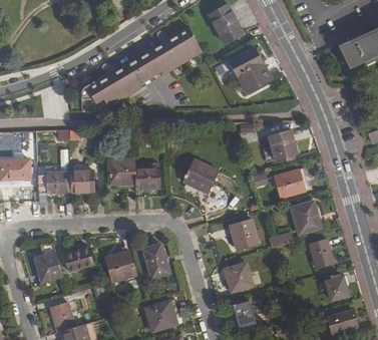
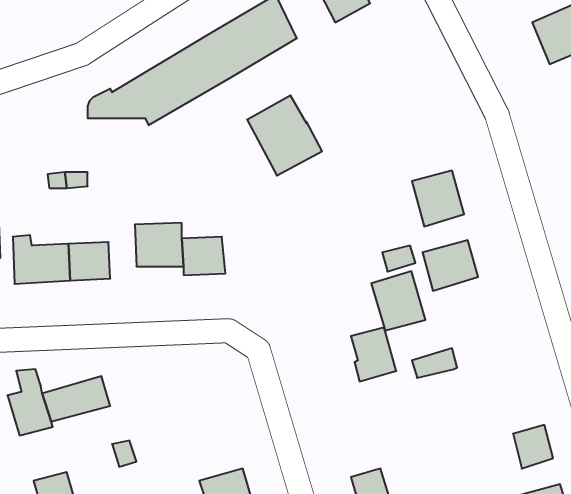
building: [229,46,272,92] -> [247,95,322,176]
building: [183,158,219,194] -> none
building: [291,200,322,234] -> [371,271,425,330]
building: [309,239,335,268] -> none
building: [143,243,170,277] -> none
building: [106,250,137,281] -> none
building: [225,262,254,292] -> none

